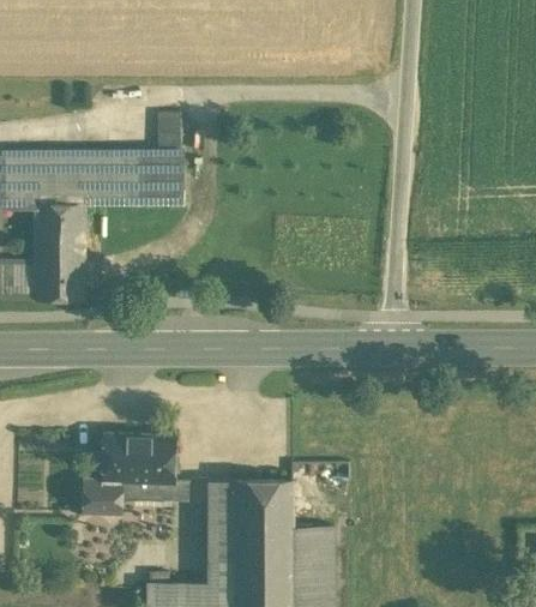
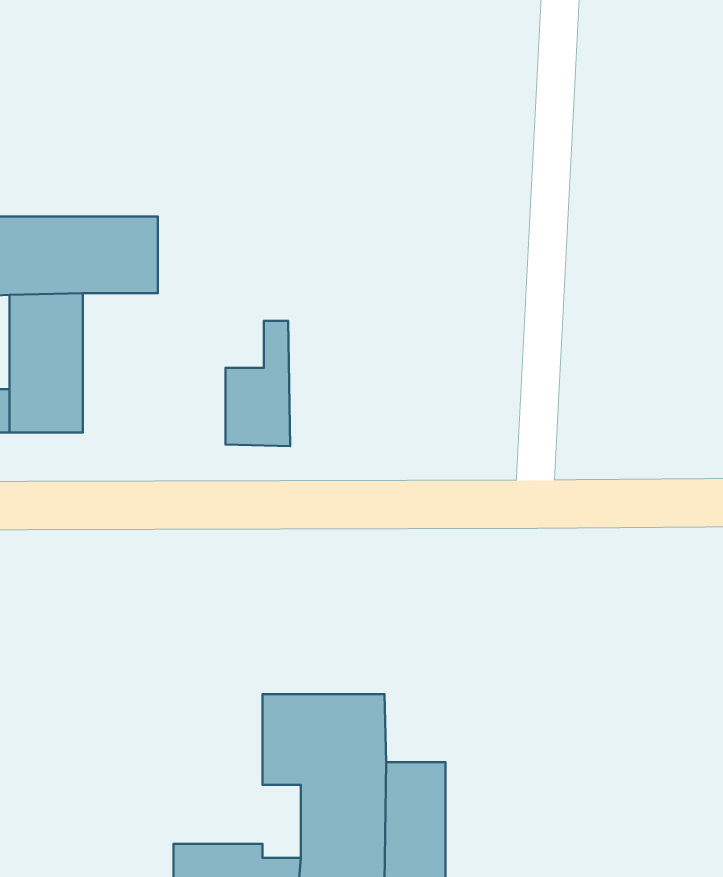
building: [135,119,180,205] -> [226,321,290,446]
building: [82,433,188,513] -> none
building: [207,542,234,593] -> none

